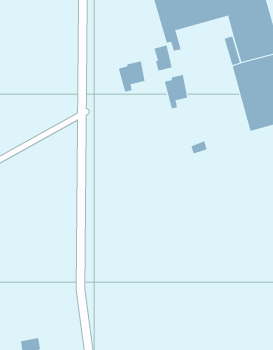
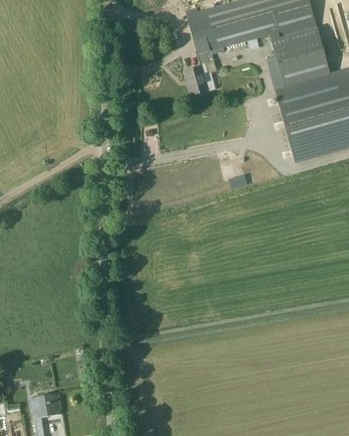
building: [118,60,145,93] -> none
building: [164,74,188,109] -> none

